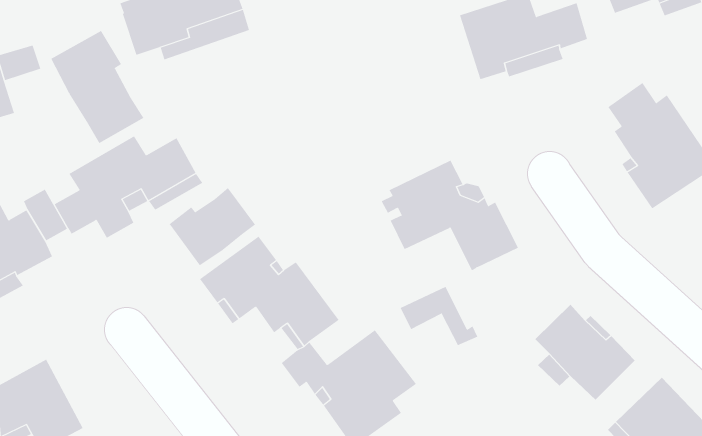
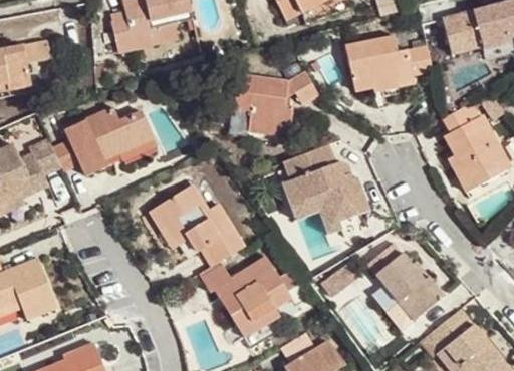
building: [50,30,144,144] -> none
building: none -> [233,70,319,136]
building: [169,187,256,266] -> none
building: [400,286,478,346] -> [291,192,343,234]

